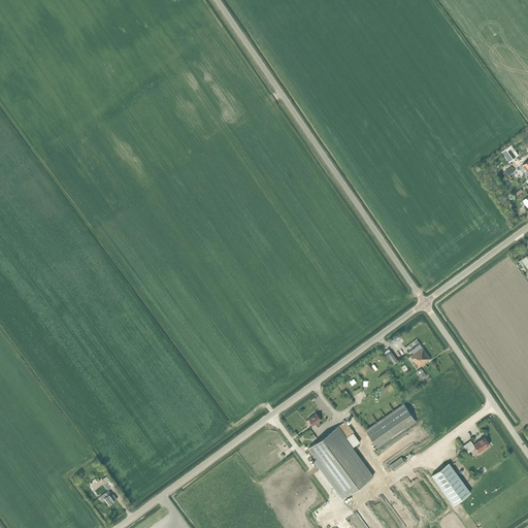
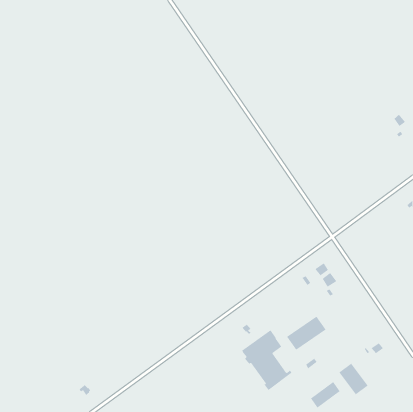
building: none -> [310,381,341,409]

